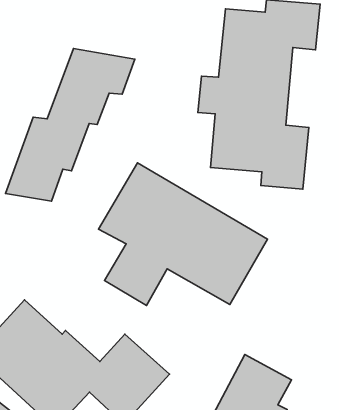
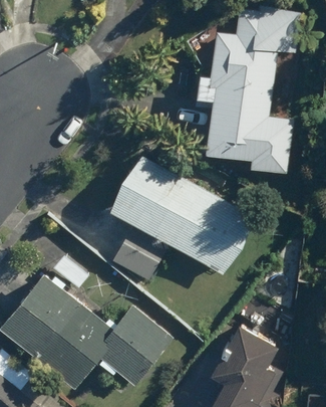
building: [5,49,135,201] -> none

